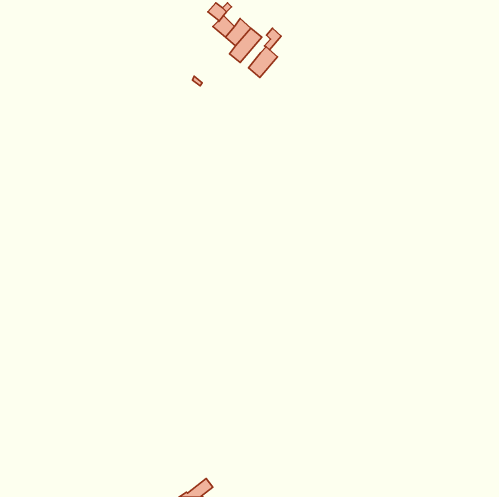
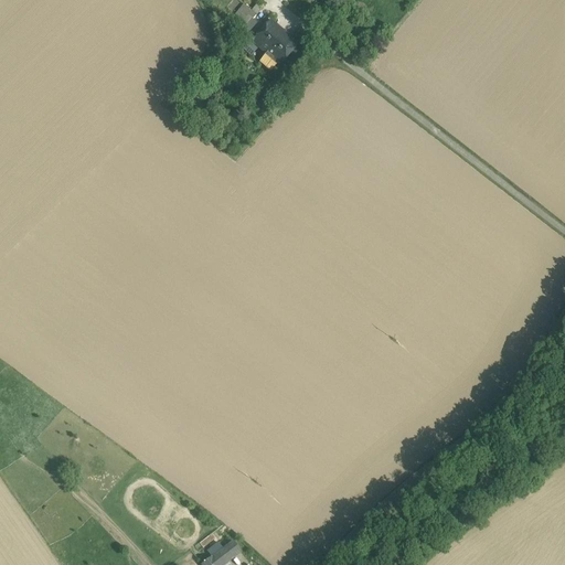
building: [248,47,277,78] -> none

